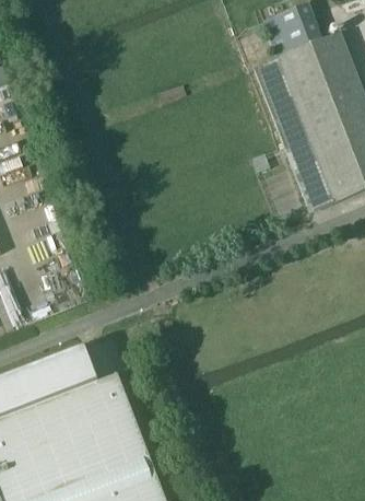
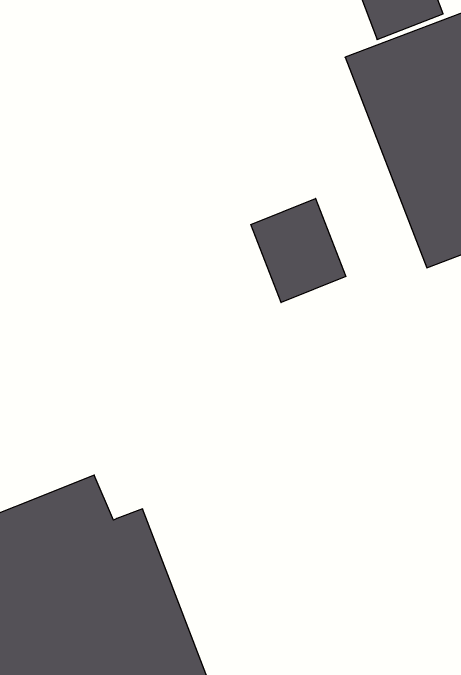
building: none -> [251,198,346,303]

